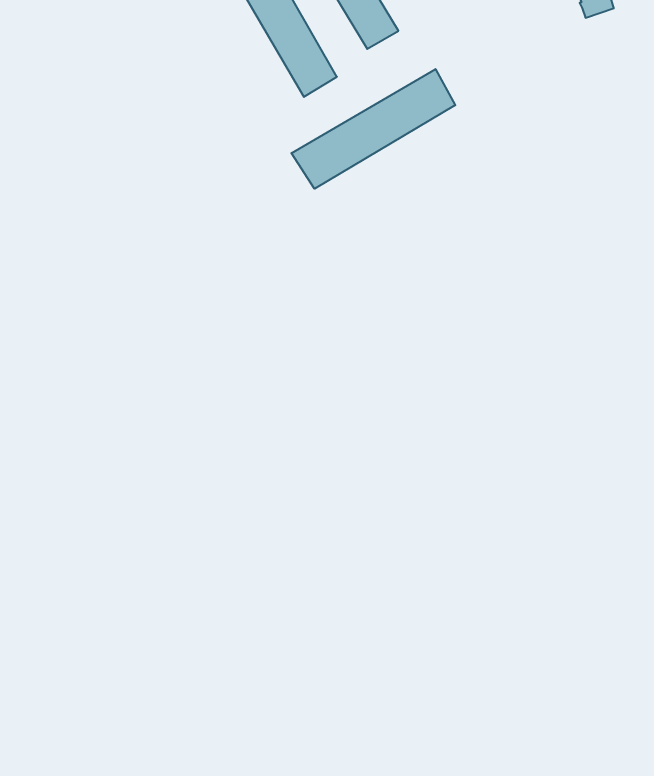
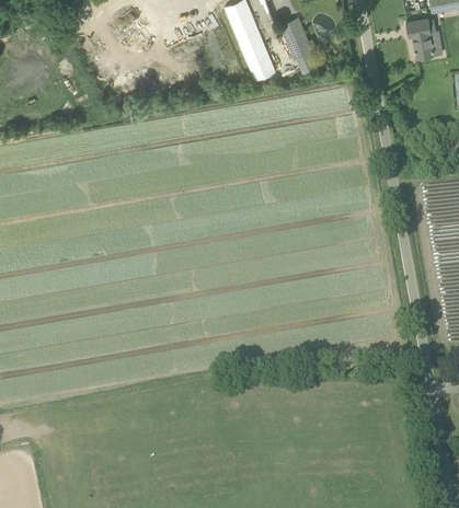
building: [291,69,455,189] -> none

